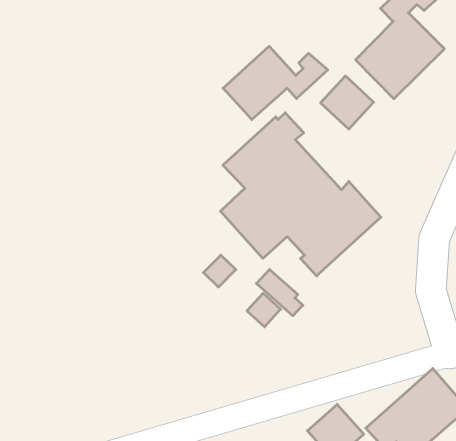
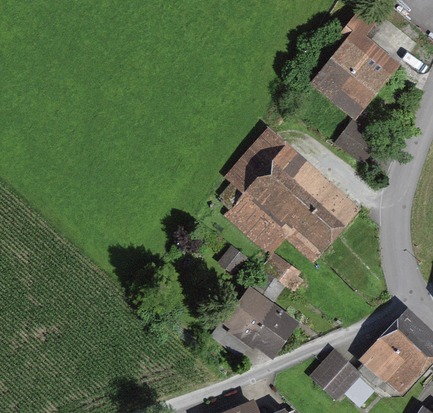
building: [223,46,328,120] -> none
building: [321,76,374,129] -> [338,121,379,162]
building: none -> [212,292,292,353]

